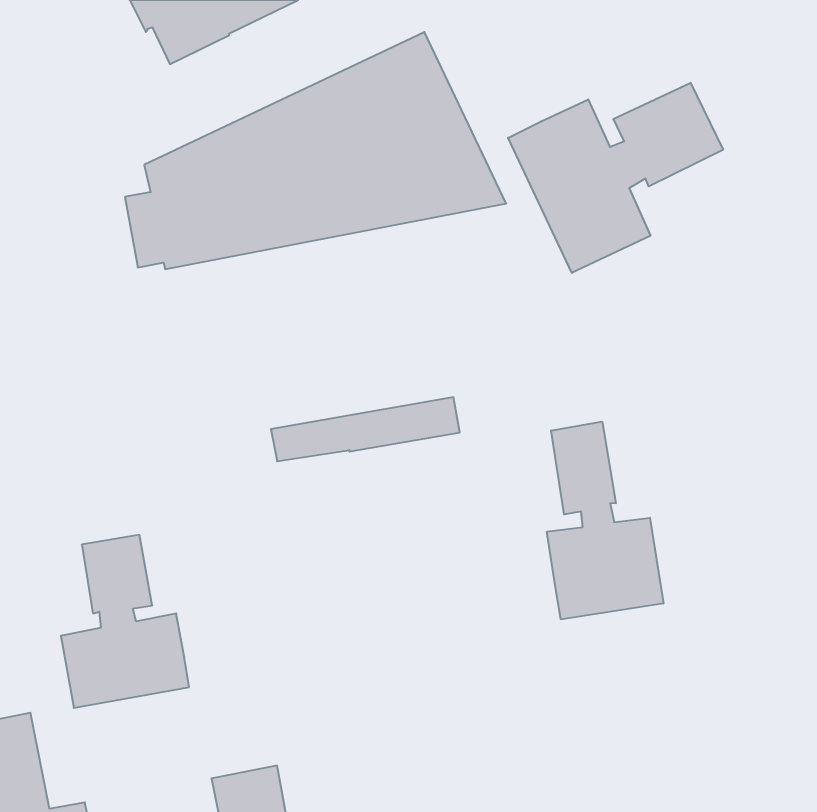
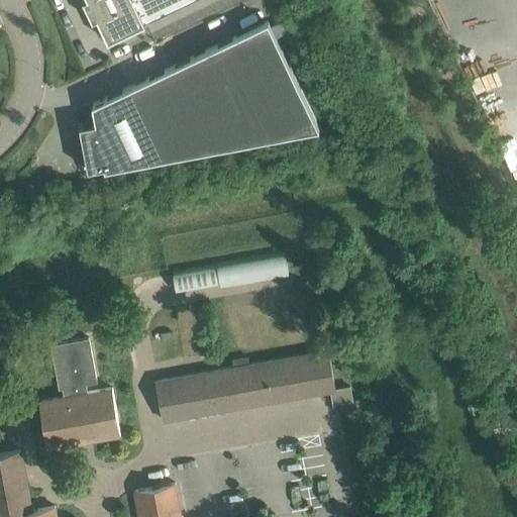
building: [508,83,723,273] -> none
building: [547,422,663,619] -> none
building: none -> [156,352,351,424]

